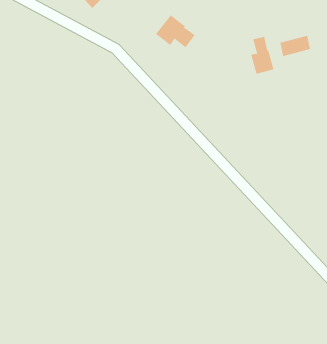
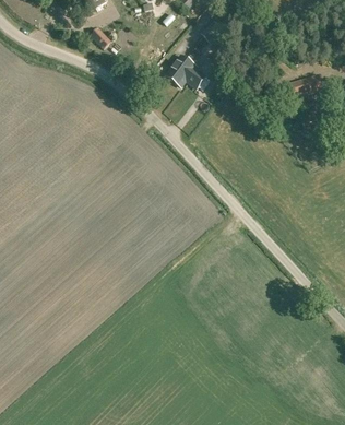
building: [251,36,274,74] -> none

